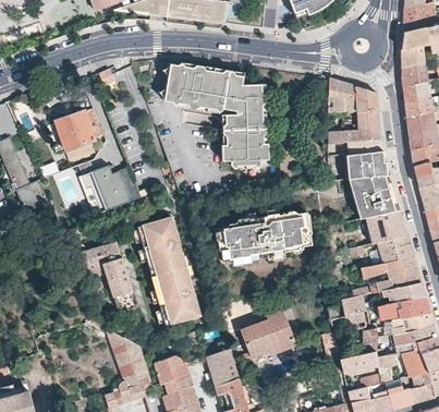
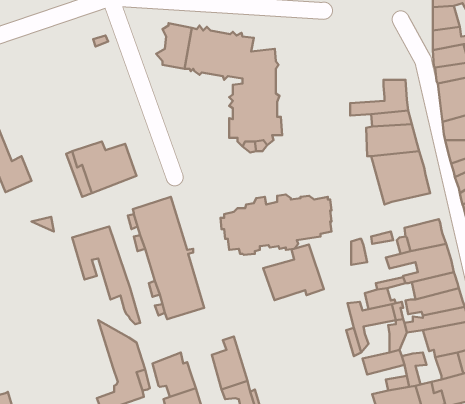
building: [329,78,378,112] -> none
building: [54,109,98,153] -> none
building: [366,213,407,244] -> none
building: [242,310,295,359] -> [263,245,324,300]

